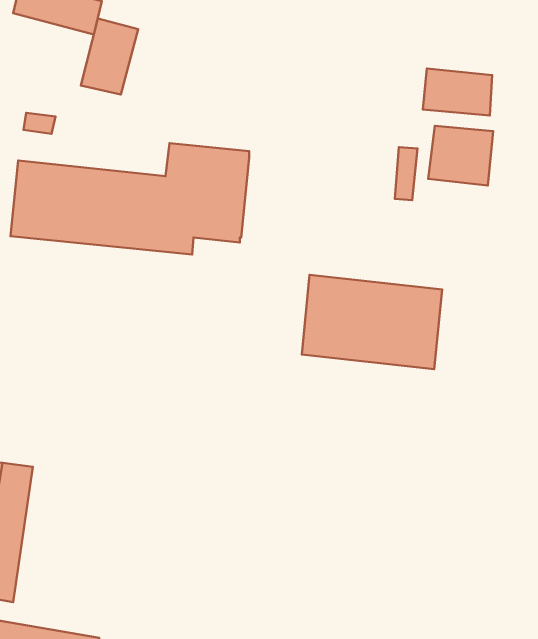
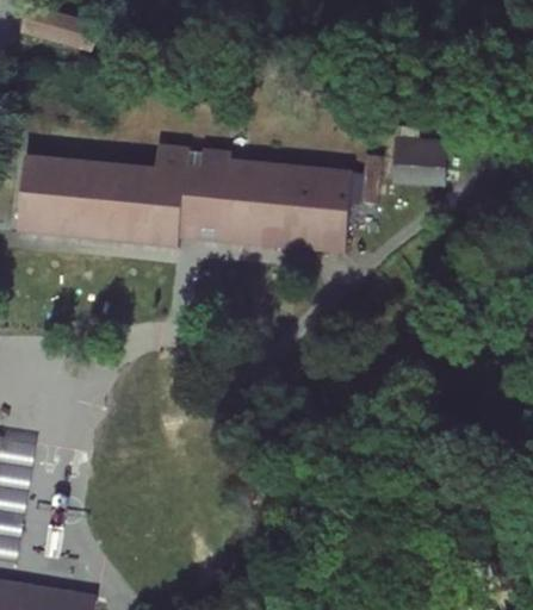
building: [81,19,138,94] -> none
building: [423,68,492,115] -> none
building: [302,275,442,369] -> [222,162,348,247]

